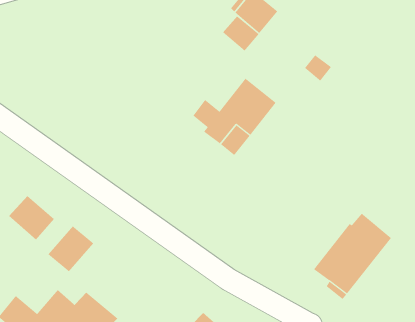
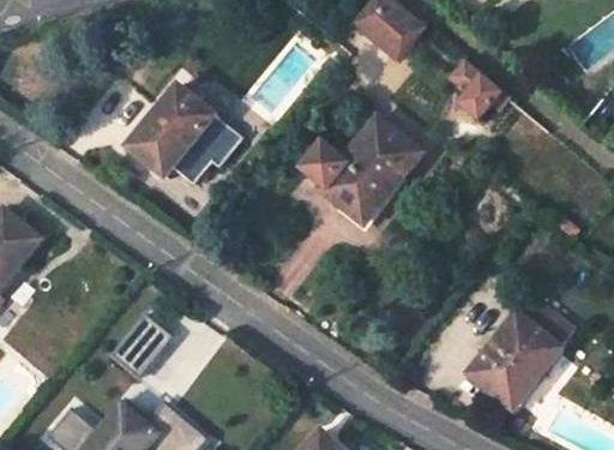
building: [222,15,259,52] -> none
building: none -> [127,86,242,185]
building: [8,195,55,241] -> none

